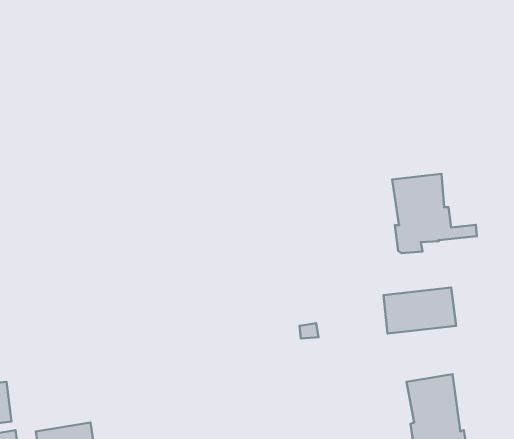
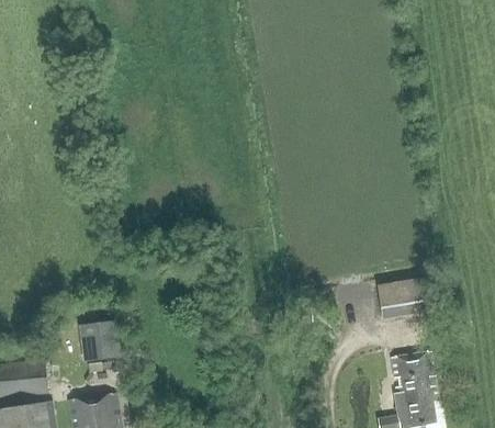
building: [392,174,477,253] -> none
building: none -> [80,320,117,361]

